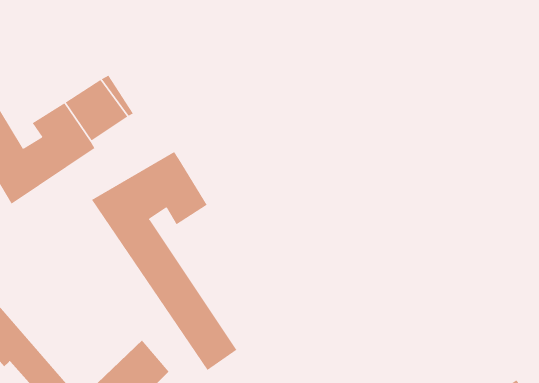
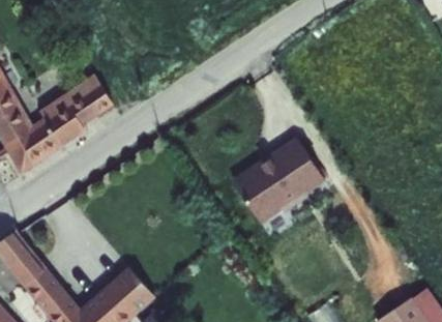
building: [91,151,237,371] -> none
building: none -> [229,143,320,229]

